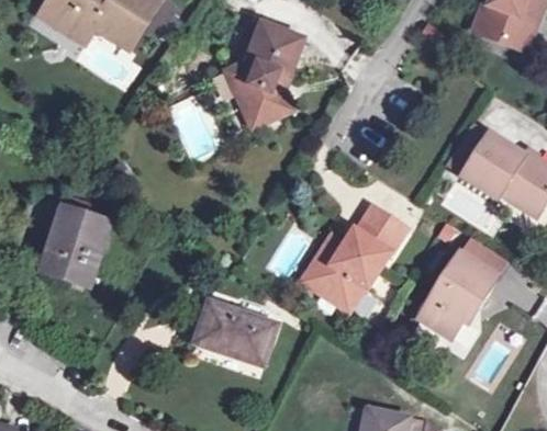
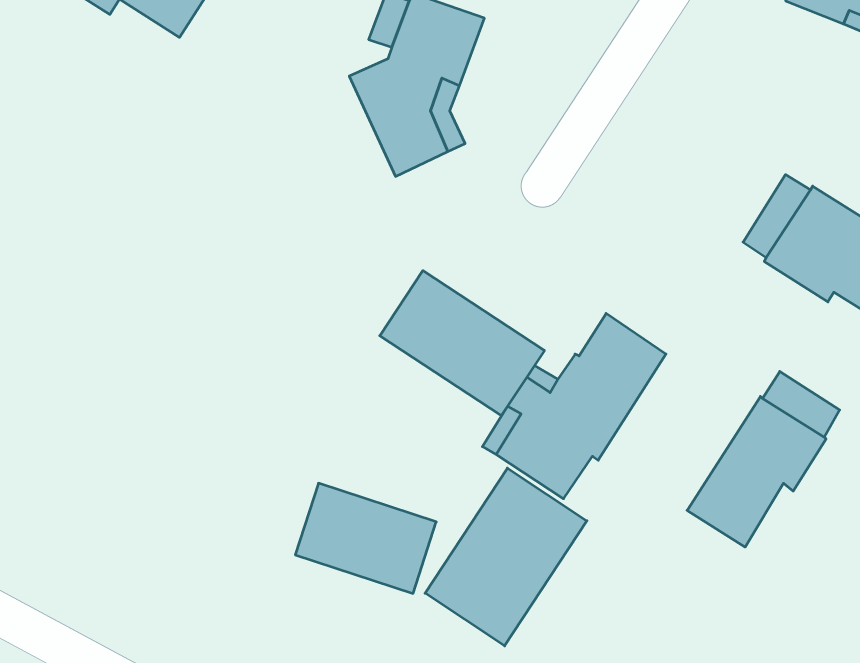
building: none -> [380,271,544,416]
building: [42,208,109,285] -> none
building: none -> [425,468,587,646]

